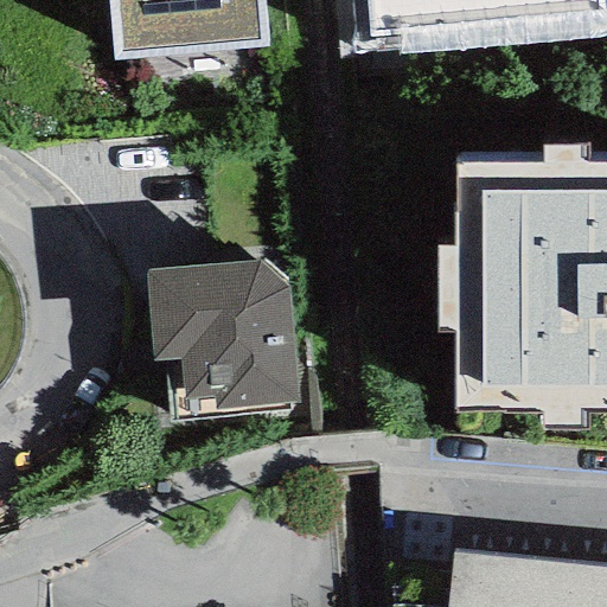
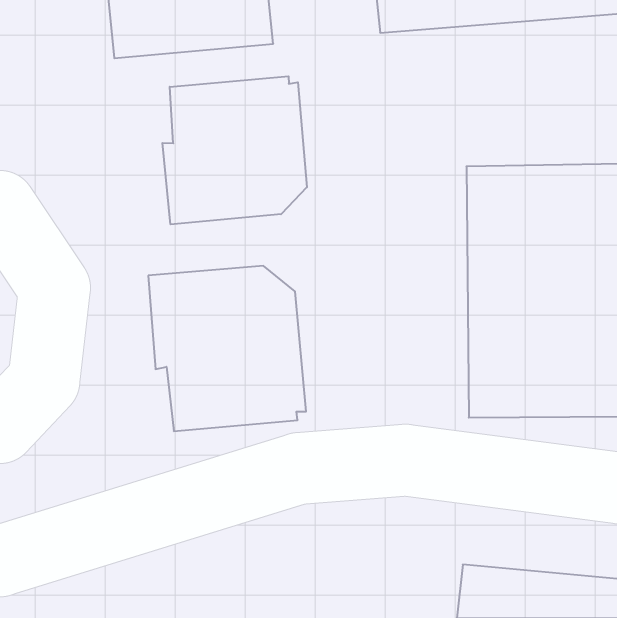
building: none -> [162,76,307,224]

